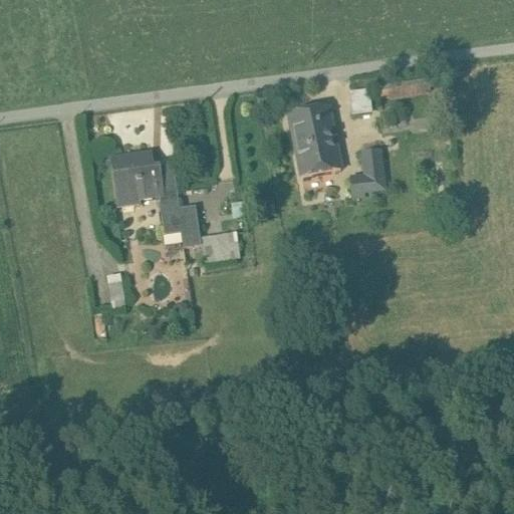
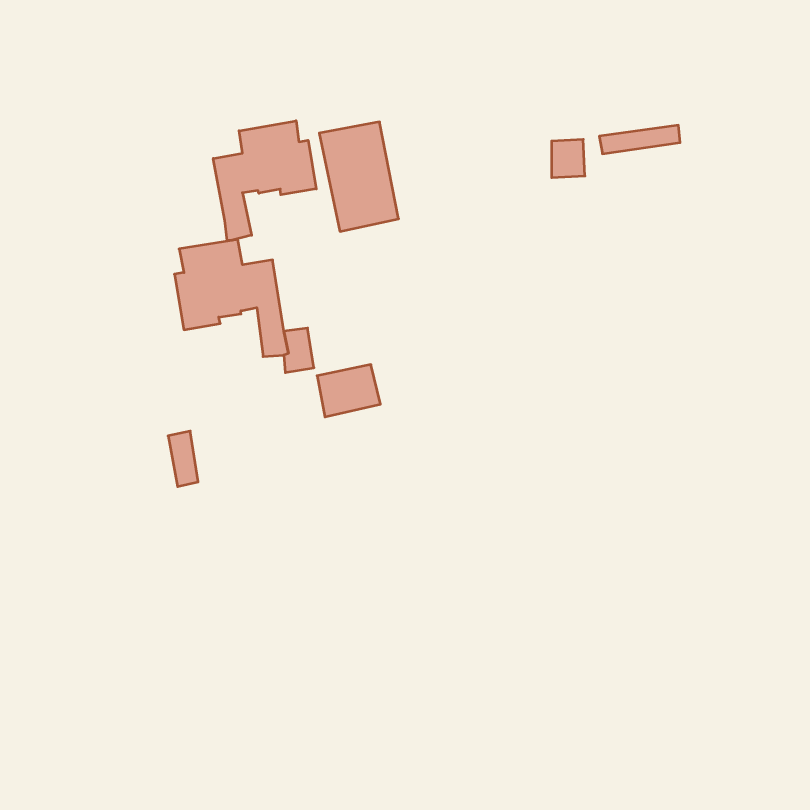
building: none -> [213,121,316,240]
building: [290,107,340,177] -> [319,122,399,231]
building: [351,149,387,198] -> none

